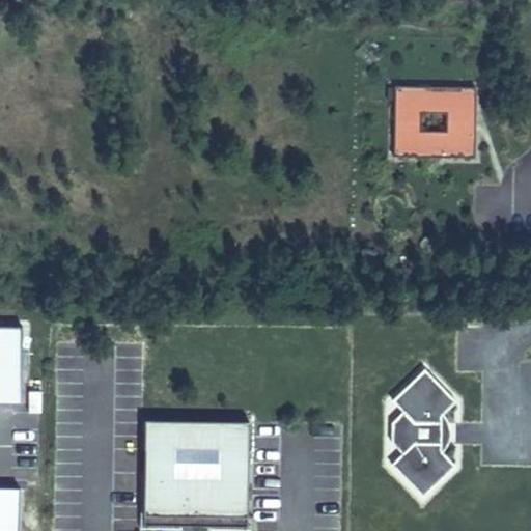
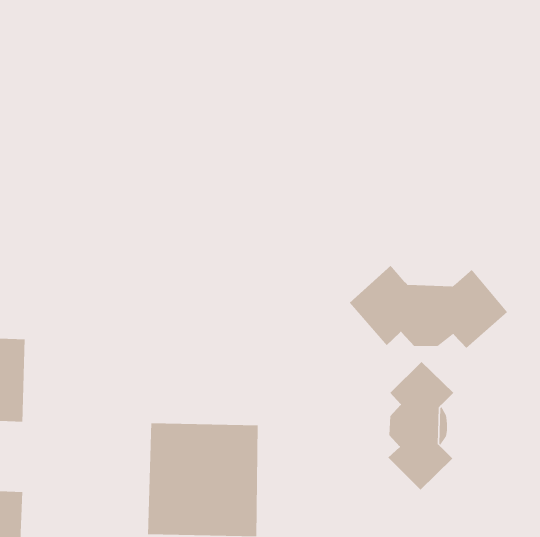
building: [395,94,474,163] -> none
building: none -> [349,265,508,349]

